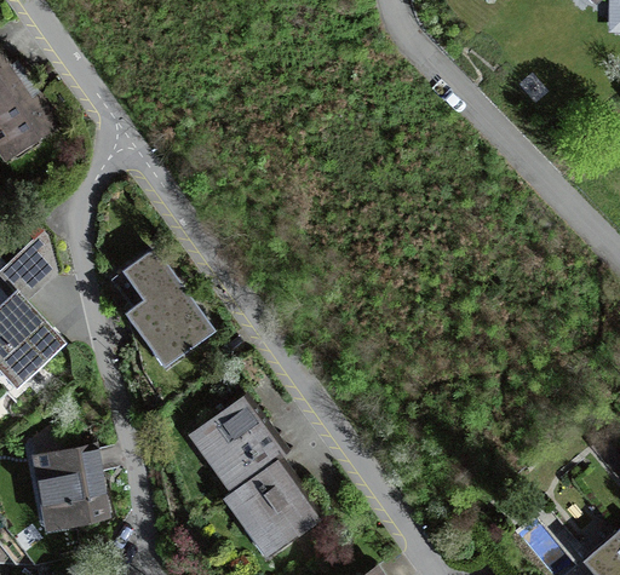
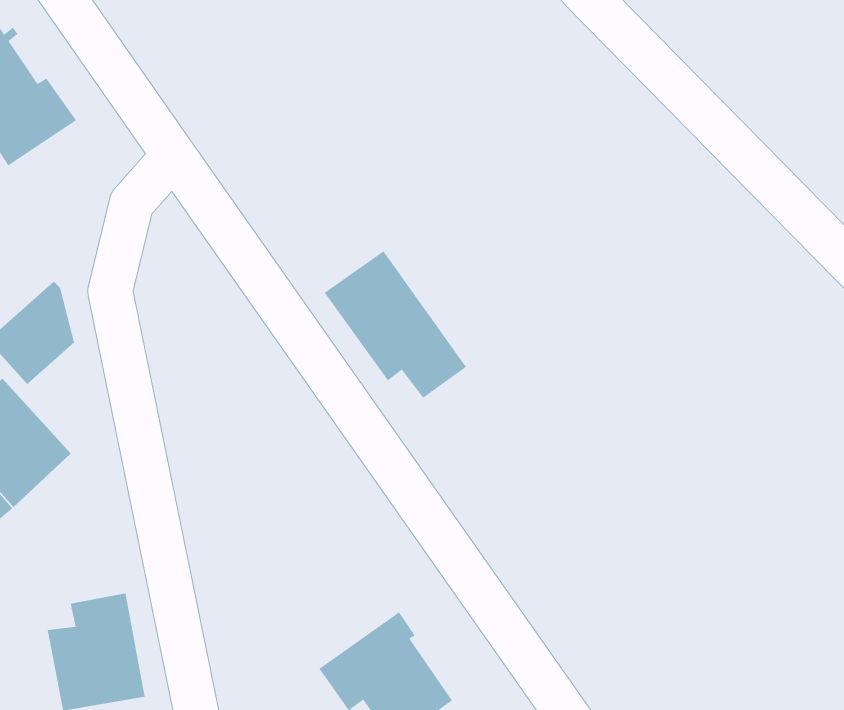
building: [110,254,208,356] -> [324,250,467,399]
building: [200,401,287,500] -> none

